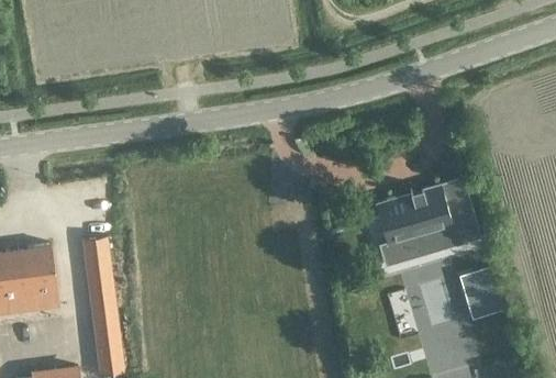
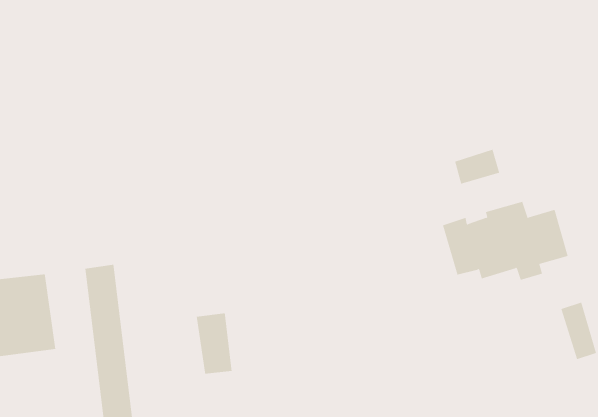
building: none -> [455,149,500,184]
building: none -> [196,312,232,375]

